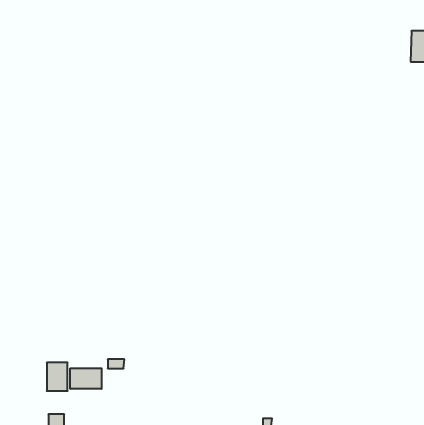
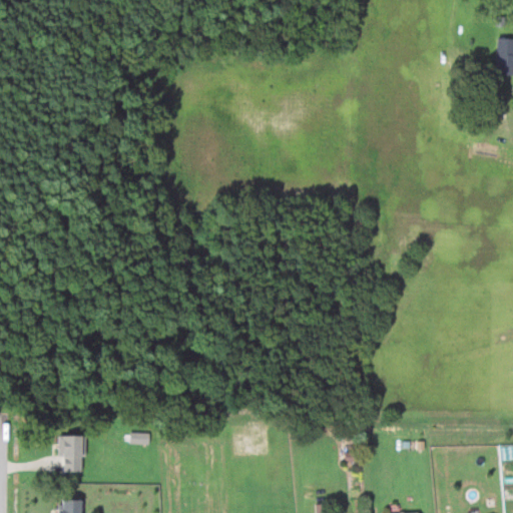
building: [70,368,102,389] -> none

